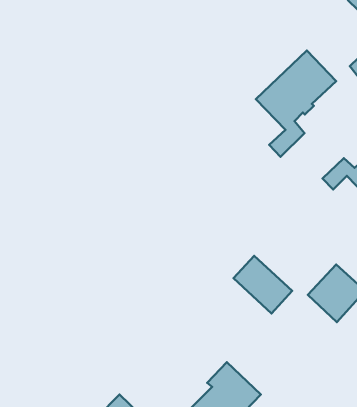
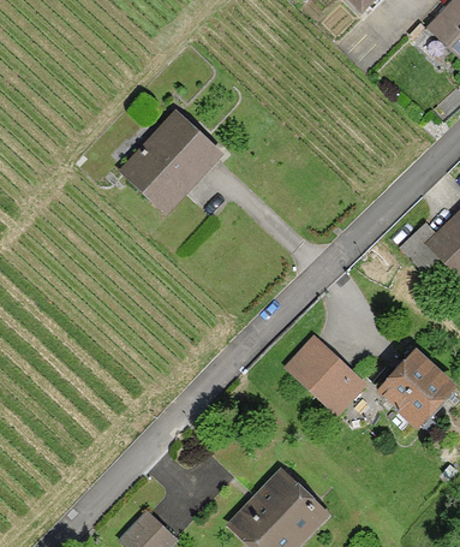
building: [256,51,336,157] -> none
building: none -> [123,113,217,210]

